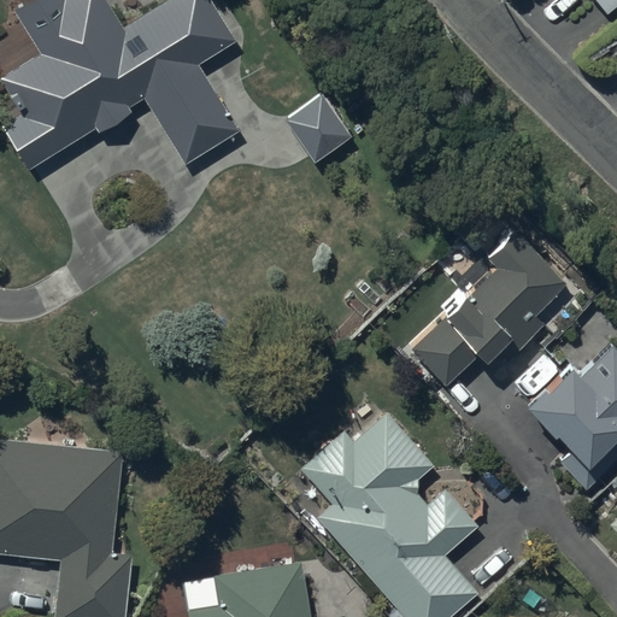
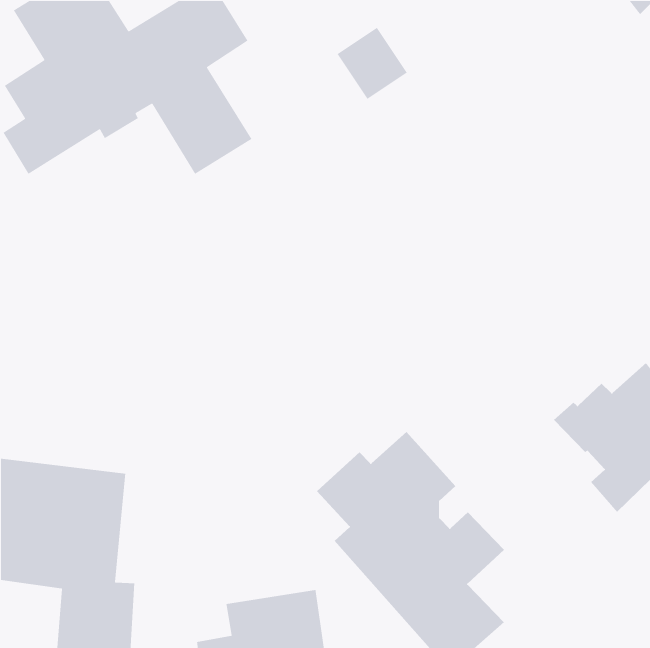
building: [283,93,351,161] -> [337,27,408,100]
building: [410,230,569,384] -> none

